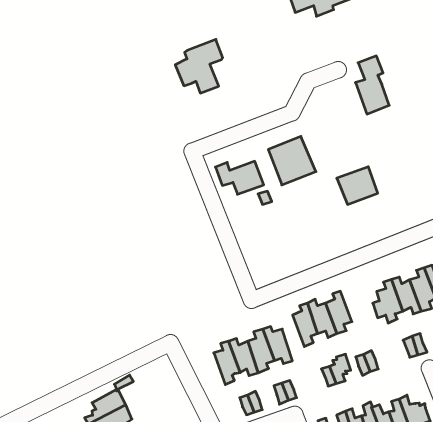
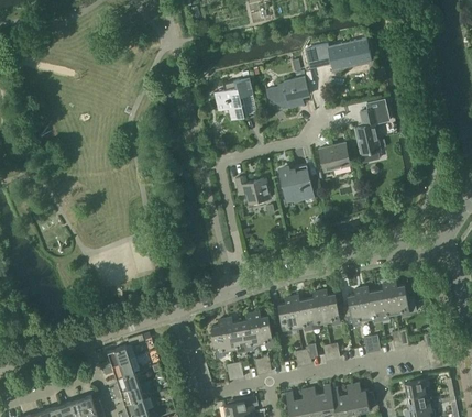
building: none -> [266,69,309,108]
building: [337,167,378,204] -> [319,143,350,171]
building: none -> [319,289,345,321]

